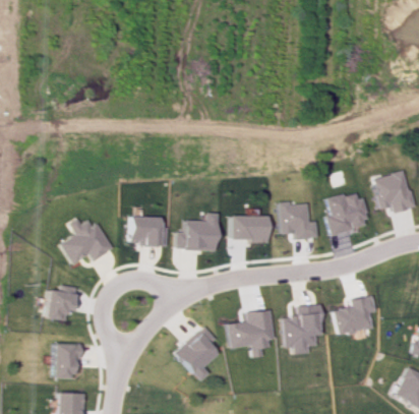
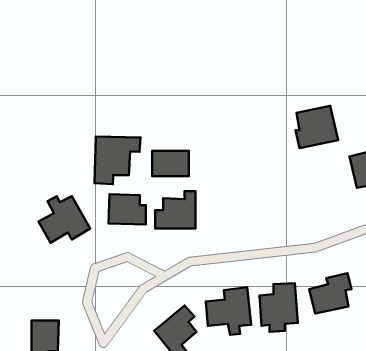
building: none -> [95,137,141,184]
building: [326,191,369,234] -> [296,106,338,148]
building: [280,202,318,239] -> none
building: [232,216,268,241] -> [152,151,189,176]
building: [45,285,78,320] -> none

